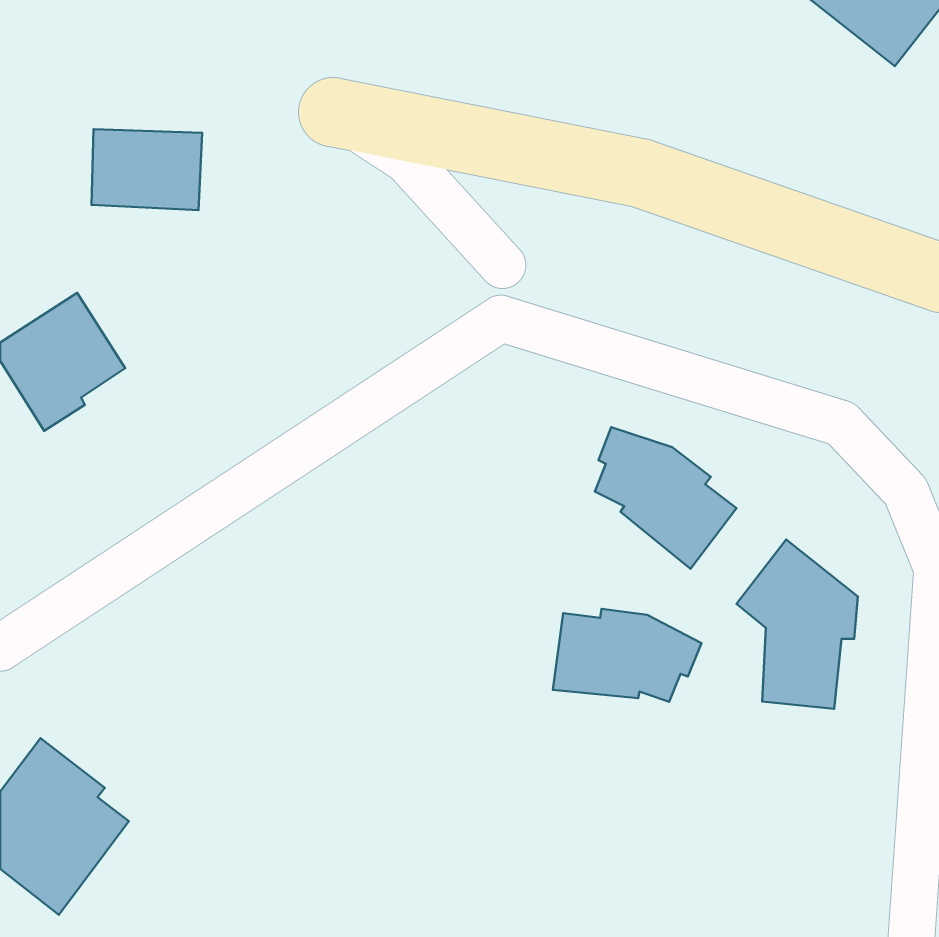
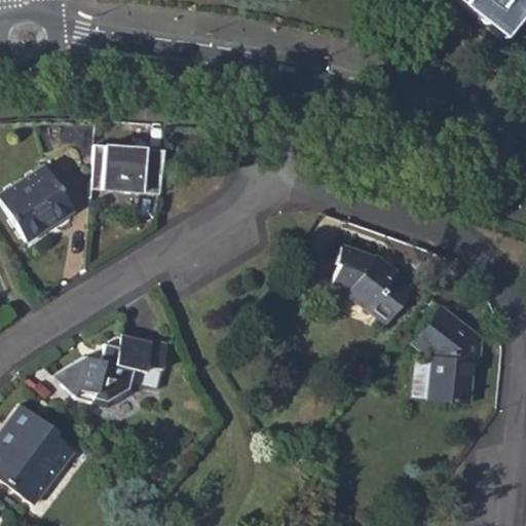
building: [92,129,202,210] -> [101,146,162,191]
building: none -> [55,335,173,412]
building: [553,609,702,702] -> none

